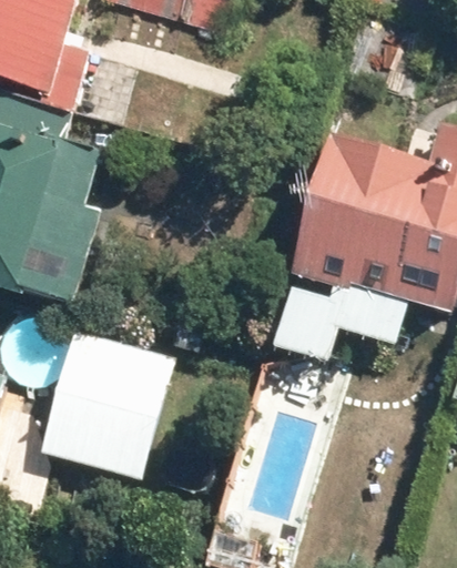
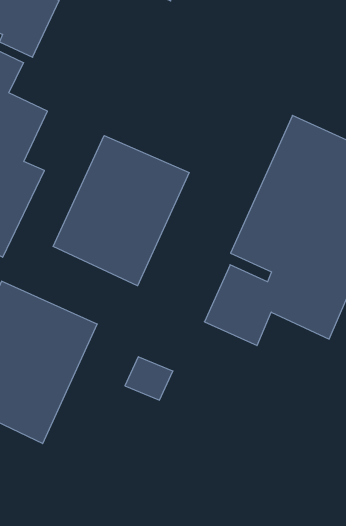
building: none -> [53,136,189,286]

